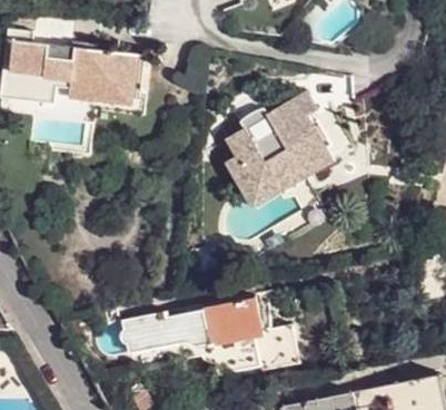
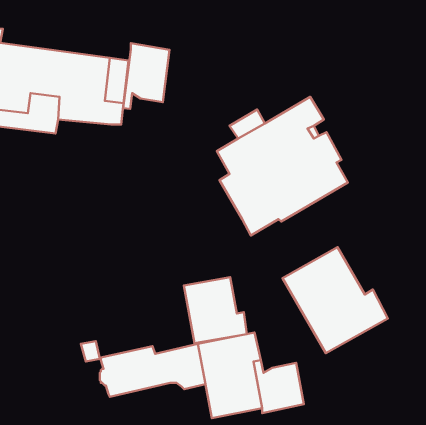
building: none -> [123,43,169,109]
building: none -> [283,247,388,353]
building: none -> [184,277,247,343]

